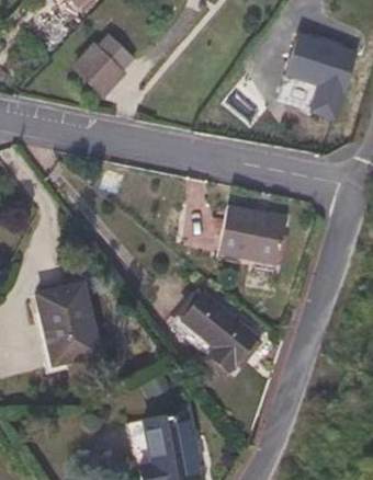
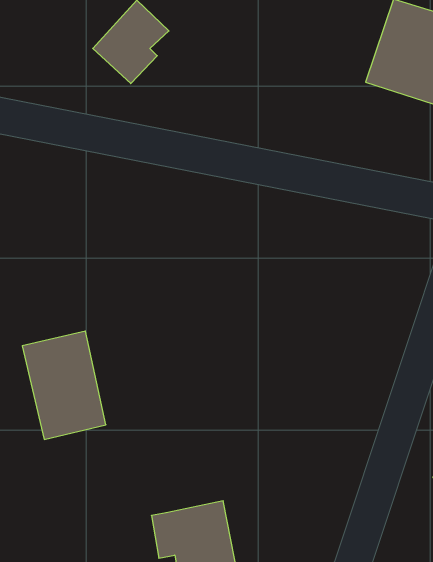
building: [213,204,283,263] -> none
building: [168,289,257,372] -> none

